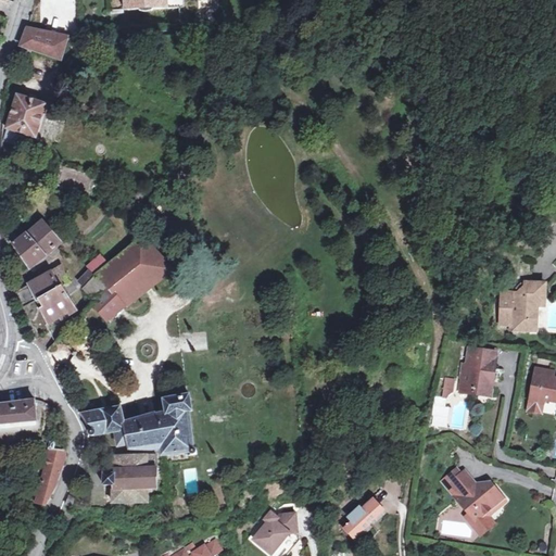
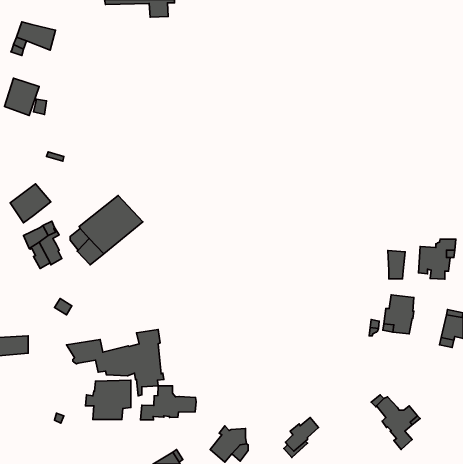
building: none -> [388,250,405,279]
building: [33,441,62,506] -> none
building: none -> [141,386,196,420]

